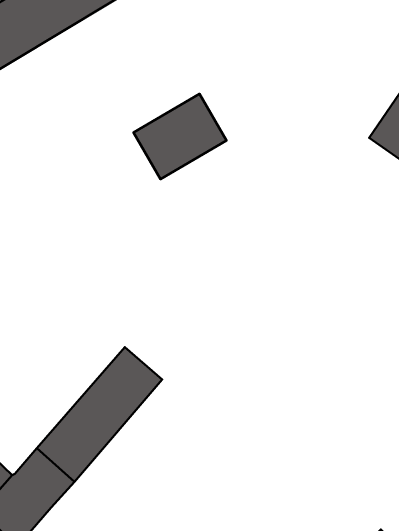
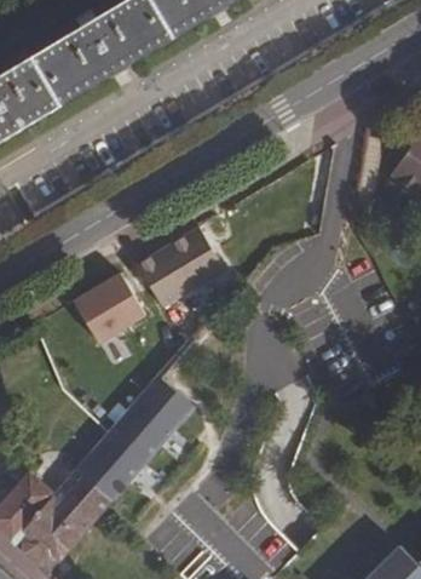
building: [133,94,227,179] -> [137,225,224,305]
building: none -> [60,277,135,348]

